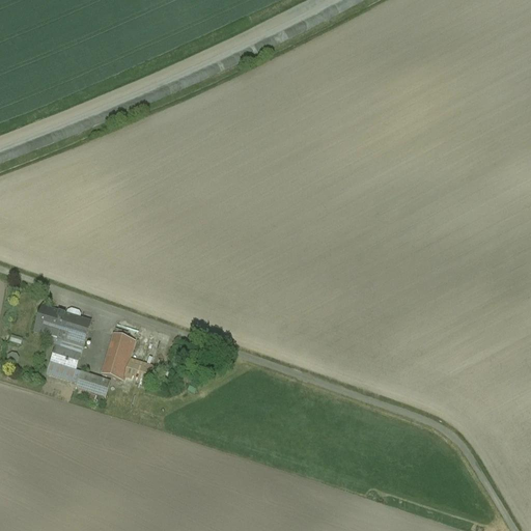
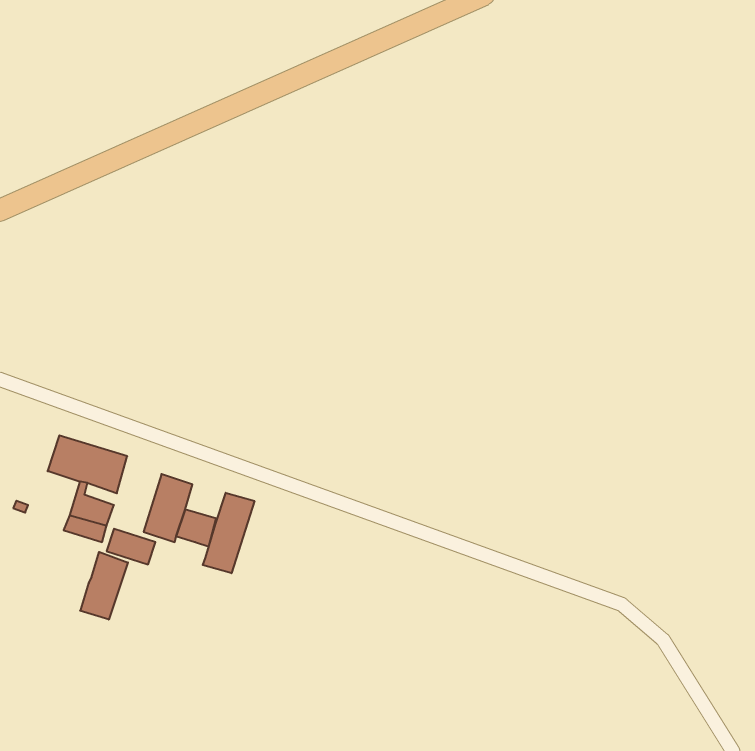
building: none -> [203,493,254,573]
building: none -> [80,552,128,620]

